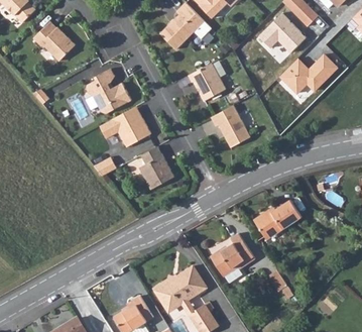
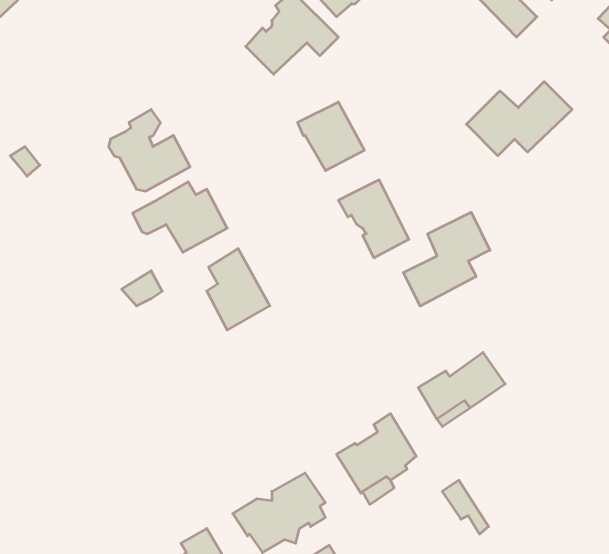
building: [257,12,306,52] -> none
building: [34,21,76,60] -> none
building: none -> [403,212,490,306]

